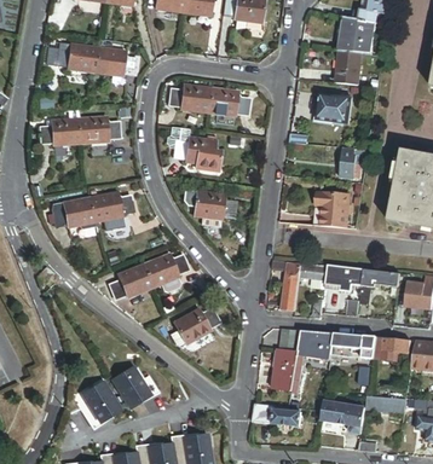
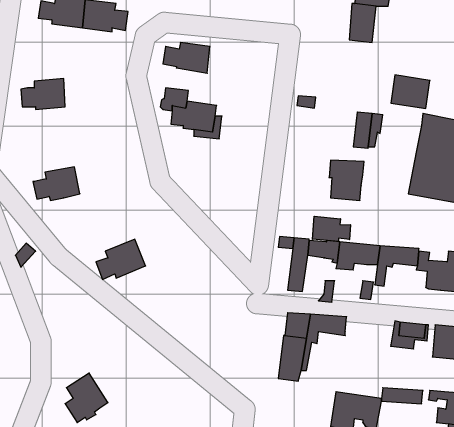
building: [208,88,249,115] -> none
building: [317,93,352,123] -> [391,75,430,108]
building: [79,116,120,143] -> none
building: [88,191,132,221] -> none
building: [194,191,235,219] -> none
building: none -> [312,216,350,242]
building: [143,253,187,291] -> none
building: [169,308,218,346] -> none
building: [333,332,377,358] -> none
building: [111,369,157,408] -> none
building: [253,405,301,427] -> none

